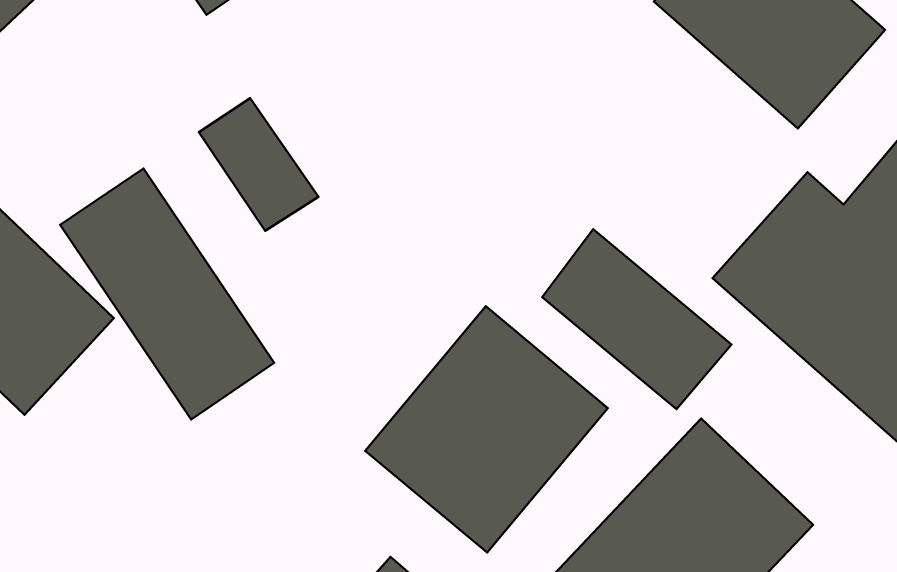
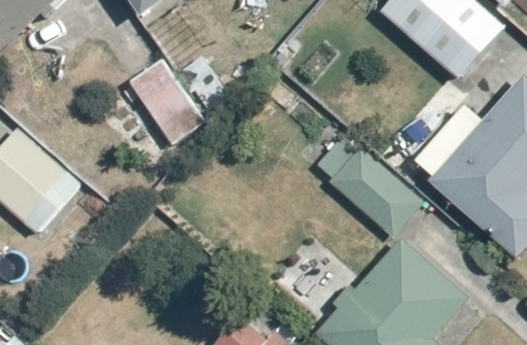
building: [60,168,274,419] -> none
building: [365,306,608,553] -> none

